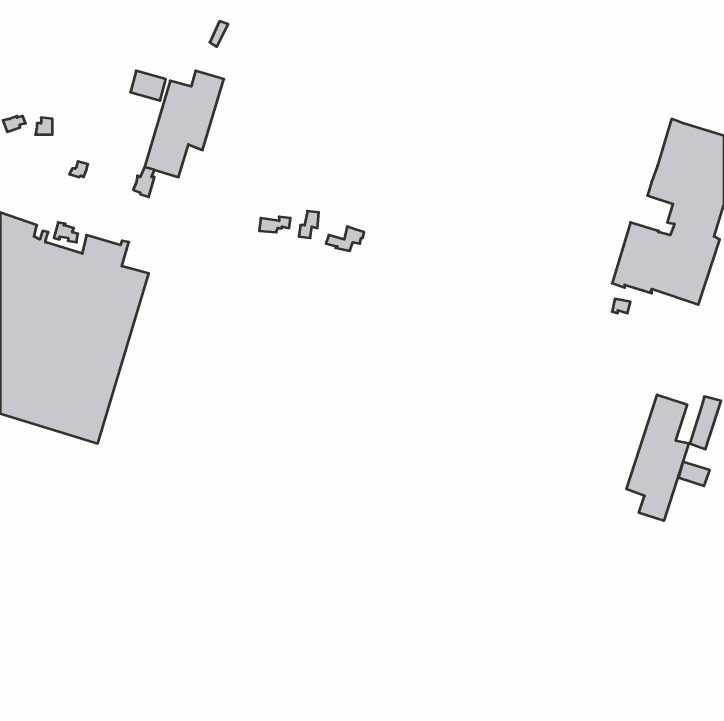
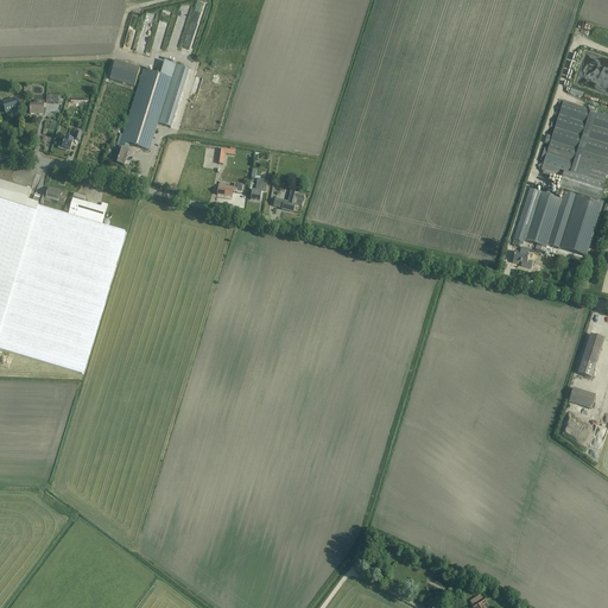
building: [626,395,689,521] -> none

